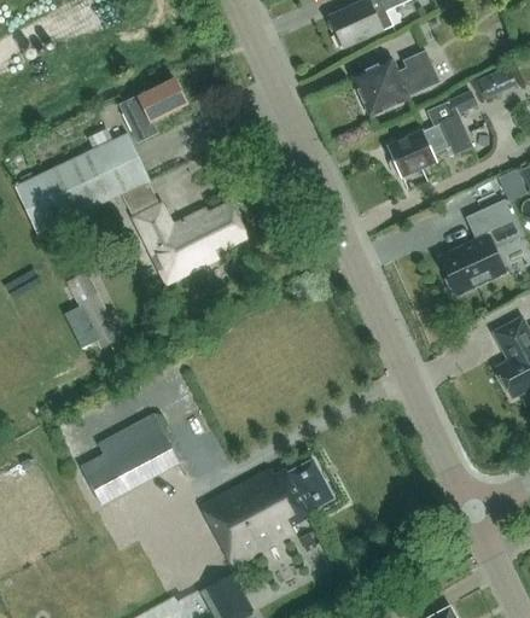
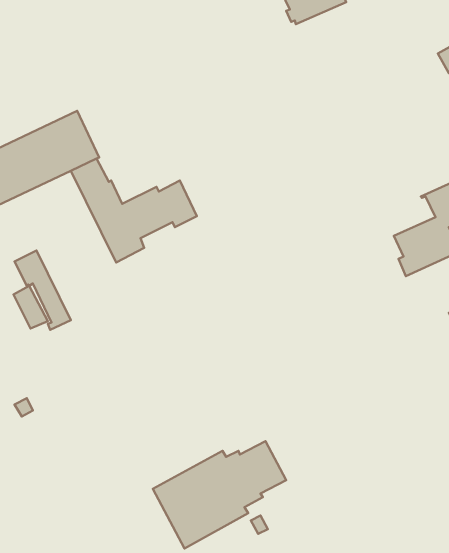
building: [354,49,439,112] -> none
building: [118,78,187,142] -> none
building: [388,91,476,175] -> none
building: [80,422,180,506] -> none

